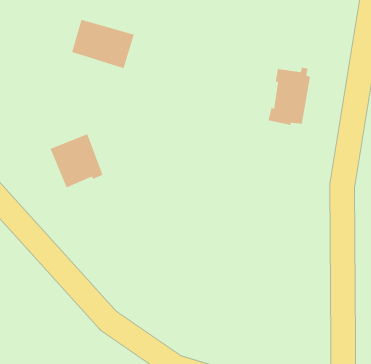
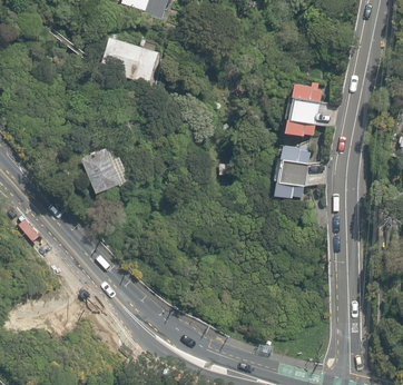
building: none -> [271,146,313,199]

